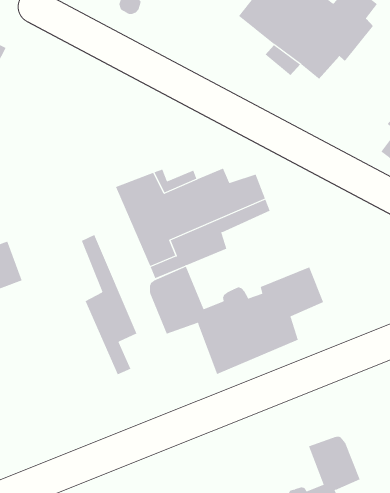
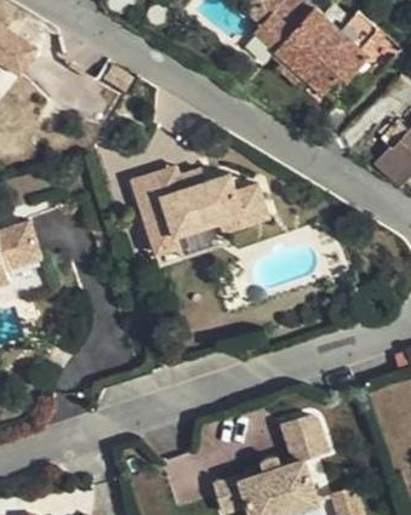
building: [81,234,137,375] -> none
building: [149,266,324,375] -> none

